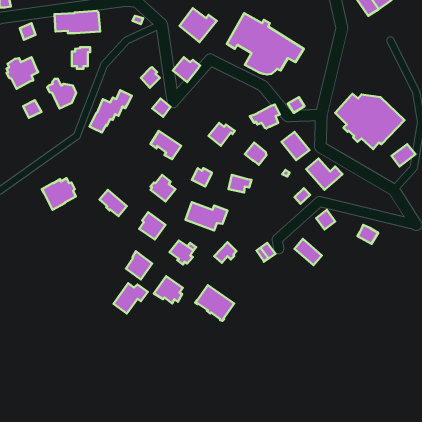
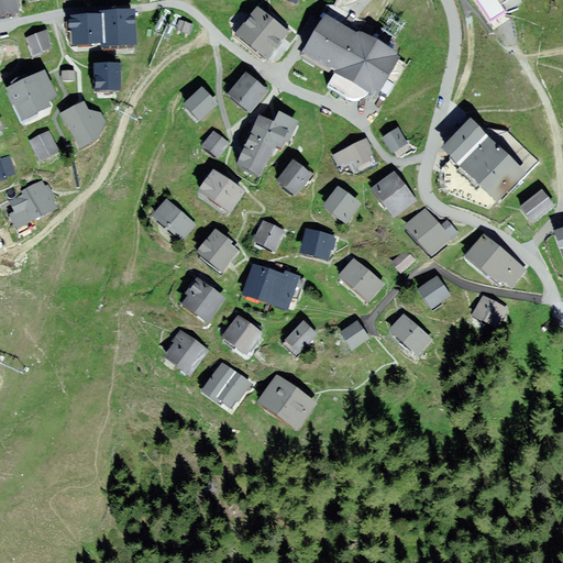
building: [90,90,132,132] -> [238,114,294,170]
building: [42,178,76,210] -> [7,181,52,223]
building: none -> [468,238,522,285]
building: [100,190,127,216] -> [155,201,191,236]
building: none -> [341,262,379,298]
building: [113,283,148,314] -> none

